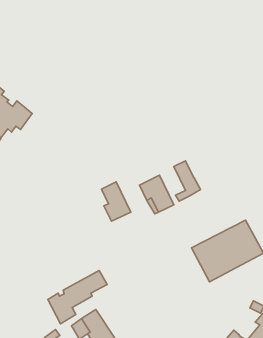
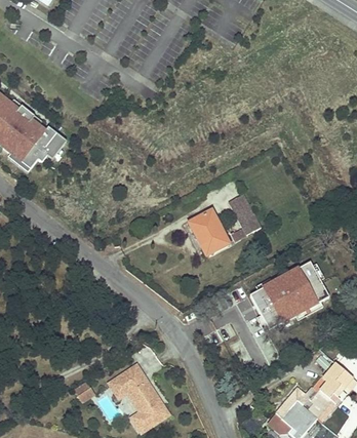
building: [102,182,131,221] -> none
building: [48,271,107,324] -> none

